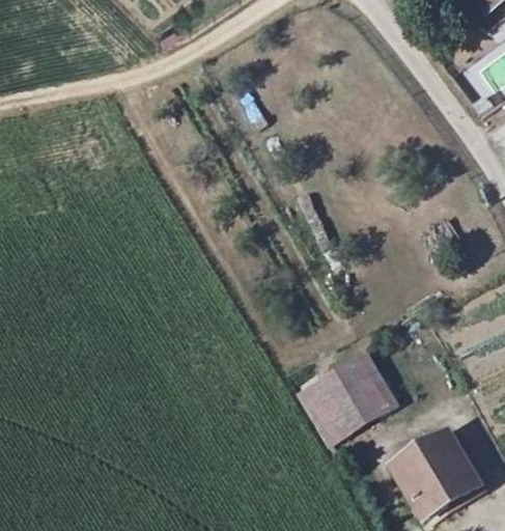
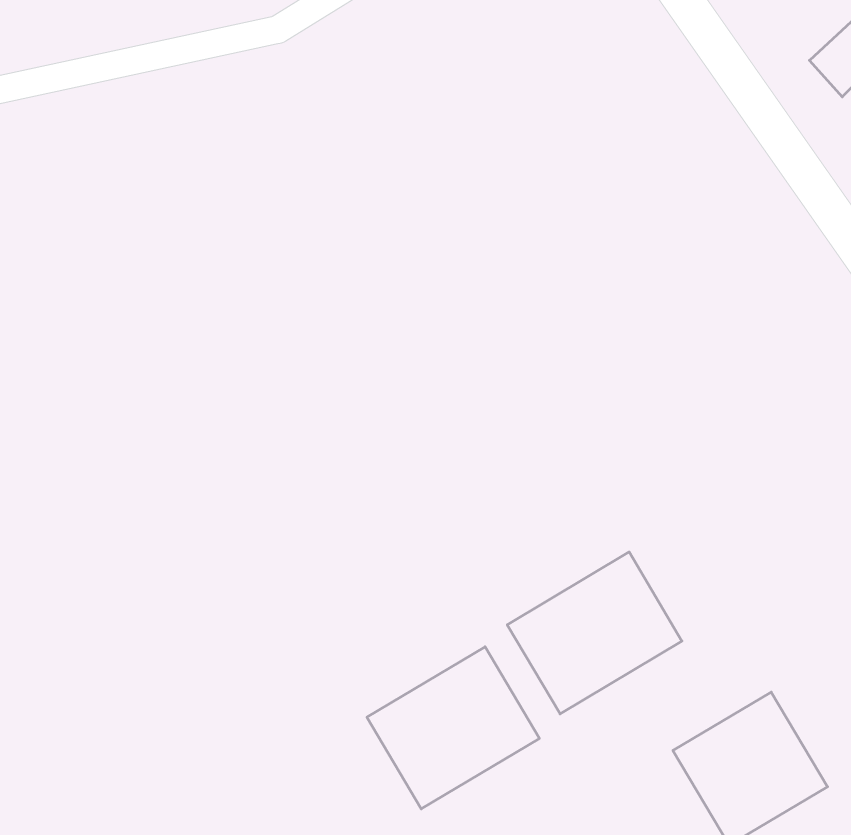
building: none -> [367,647,539,809]

